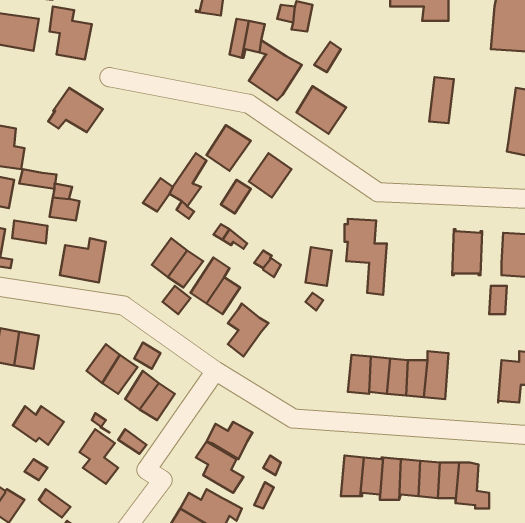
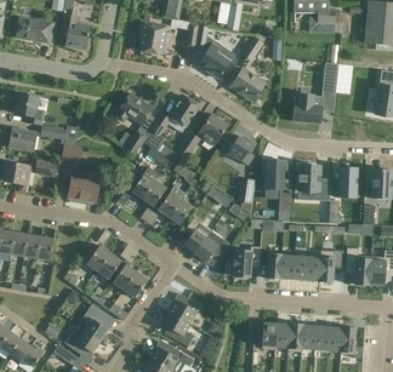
building: none -> [139,21,165,53]
building: [48,88,103,132] -> [115,93,153,124]
building: none -> [292,93,321,122]
building: none -> [218,136,256,165]
building: none -> [296,165,330,201]
building: none -> [194,230,229,262]
building: none -> [233,246,260,276]
building: none -> [344,247,371,285]
building: [13,406,64,445] -> [64,330,99,356]

